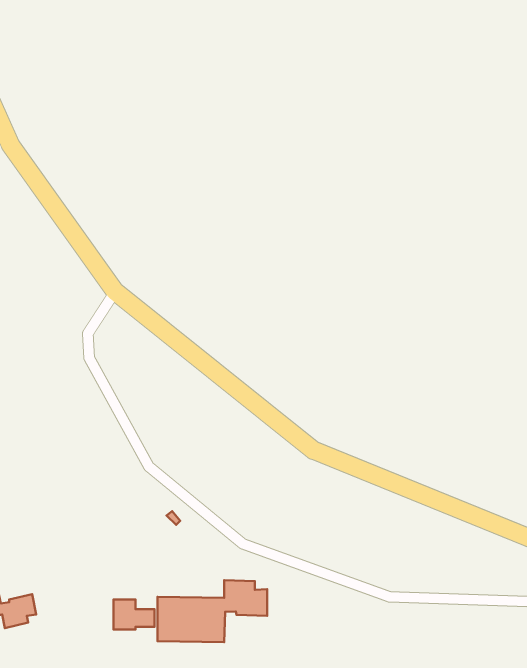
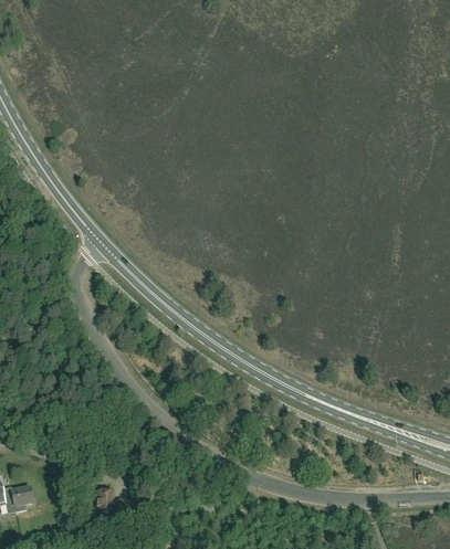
building: [158,580,267,642] -> none

